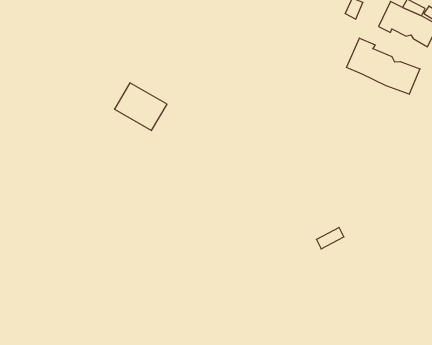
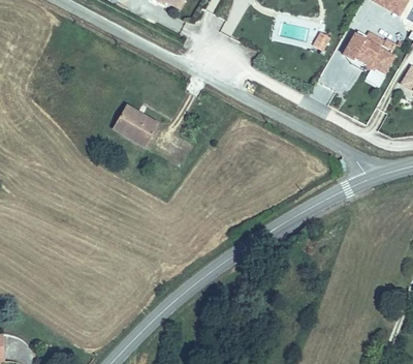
building: [346,38,420,94] -> none

